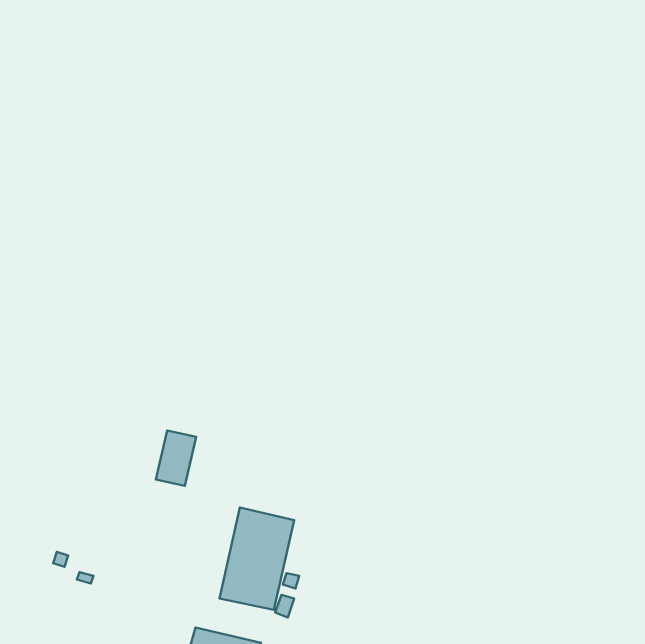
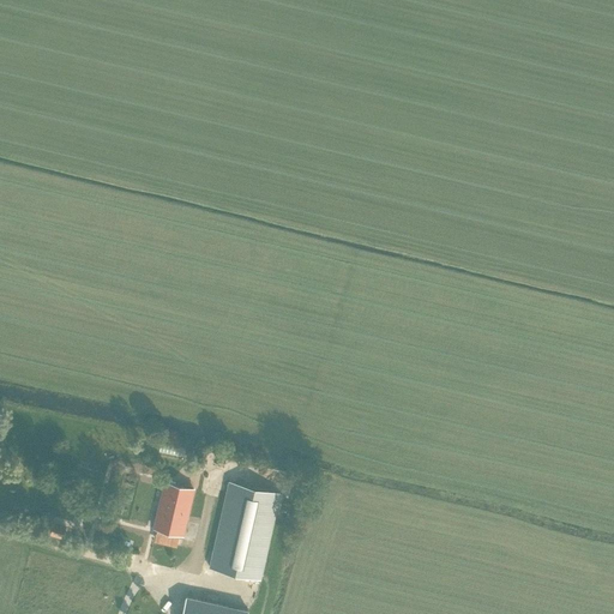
building: [156,430,196,486] -> [154,484,192,537]

